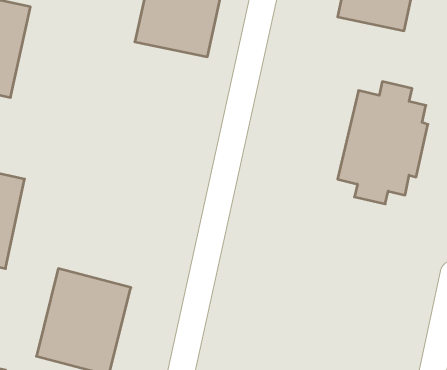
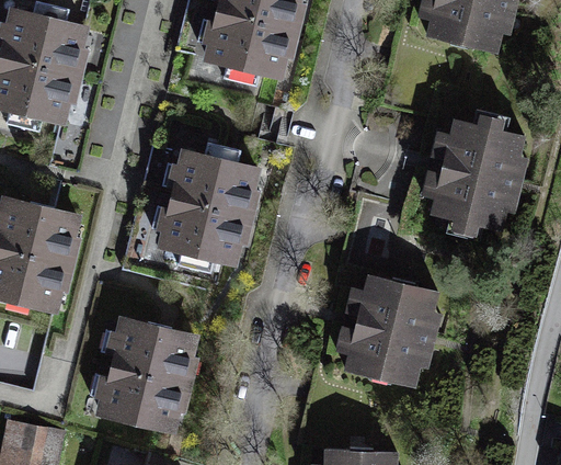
building: none -> [151,151,263,277]
building: none -> [341,272,442,387]

